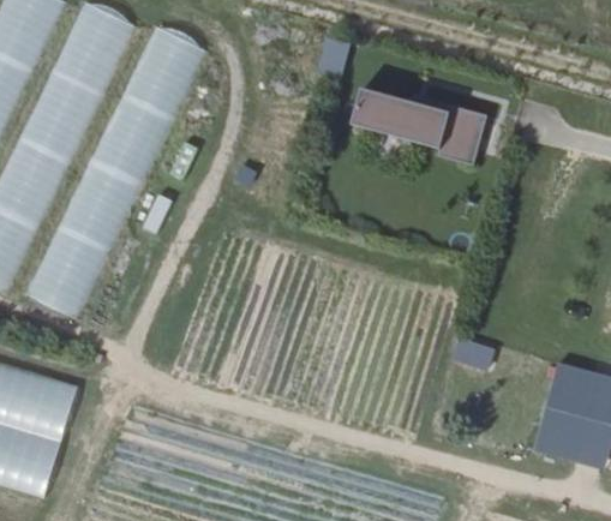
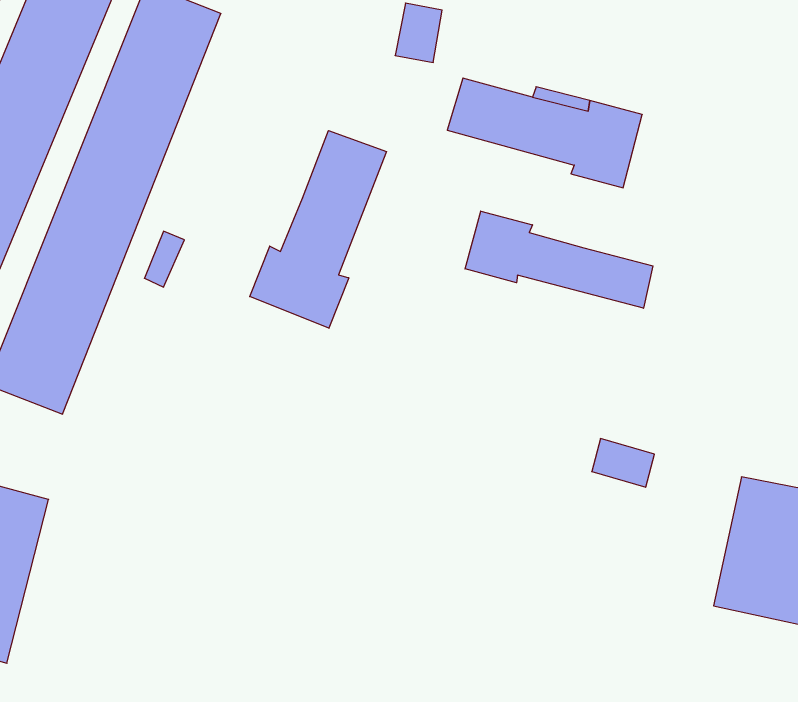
building: none -> [250,131,386,328]
building: none -> [465,211,653,308]

